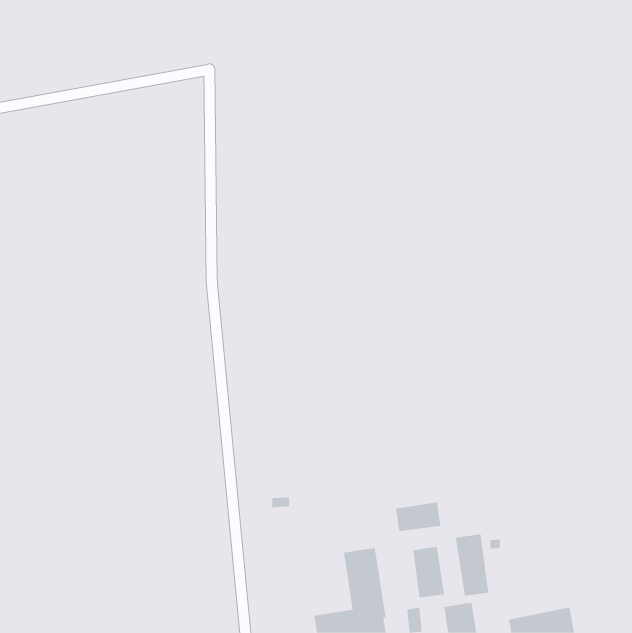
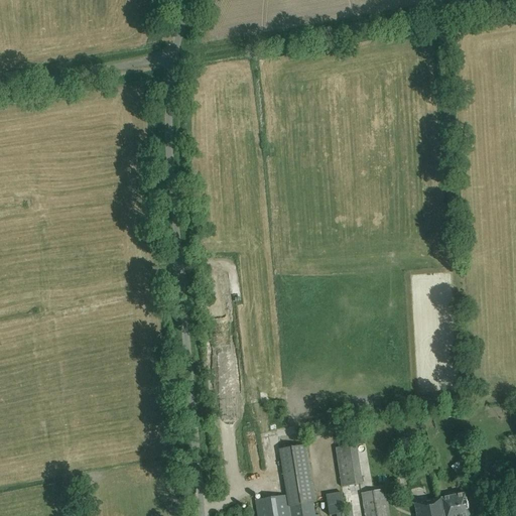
building: [395,502,441,532] -> none
building: [455,533,489,596] -> none

